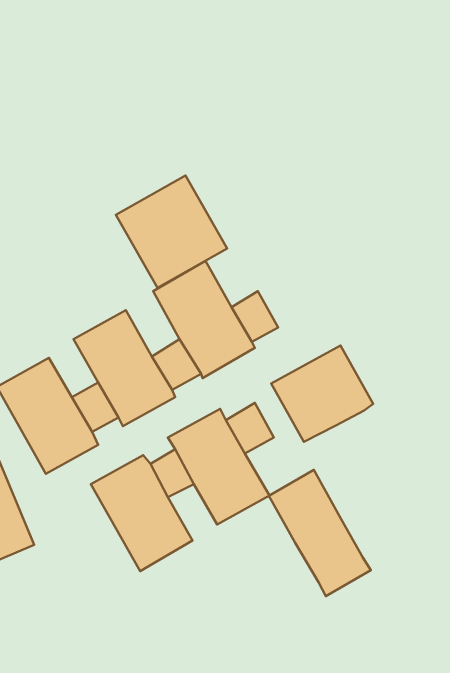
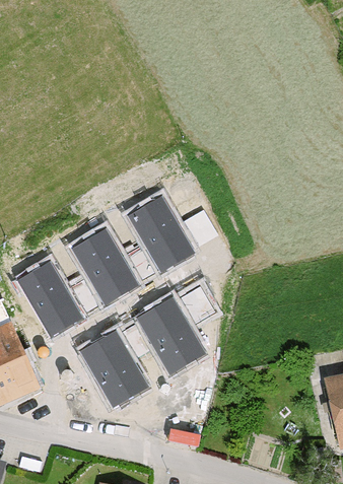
building: [116,175,227,288] -> none
building: [271,345,373,442] -> none
building: [269,470,371,596] -> none

